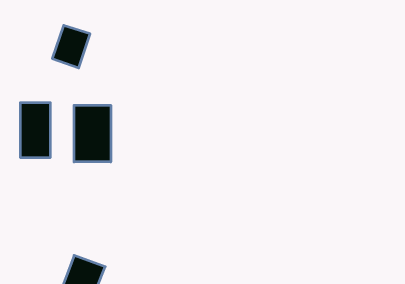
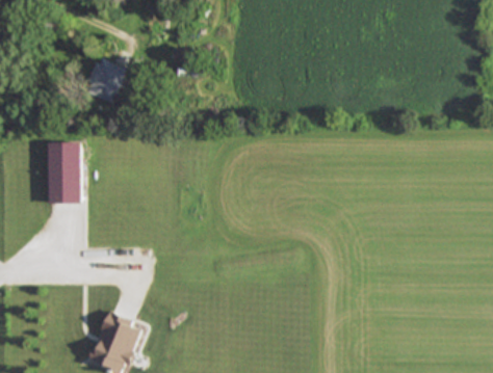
building: [74,105,111,162] -> none

